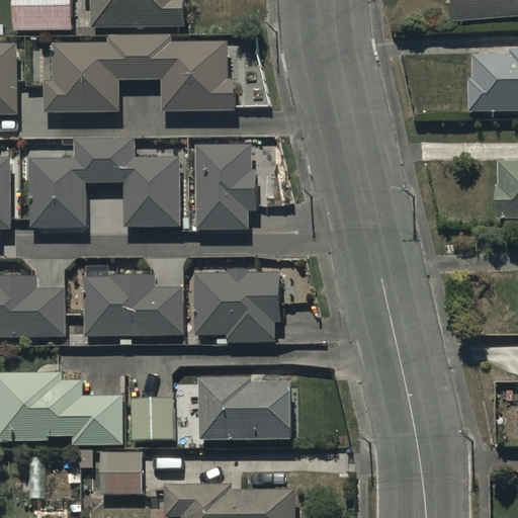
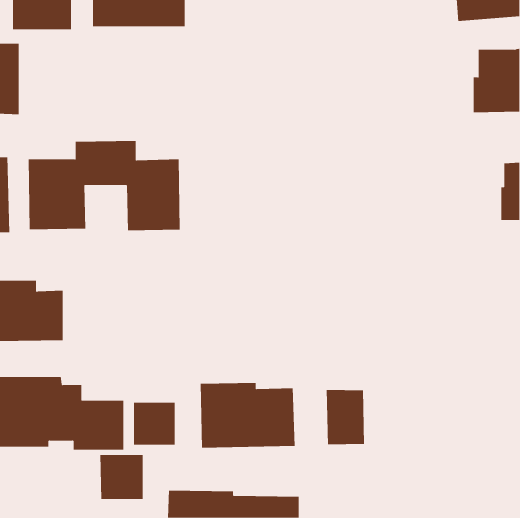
building: [44,33,234,110] -> none
building: [195,146,257,227] -> none
building: [194,270,279,340] -> none
building: [84,276,183,335] -> none
building: none -> [326,389,365,445]

